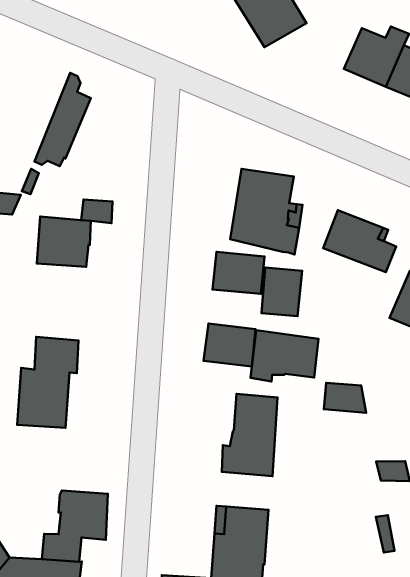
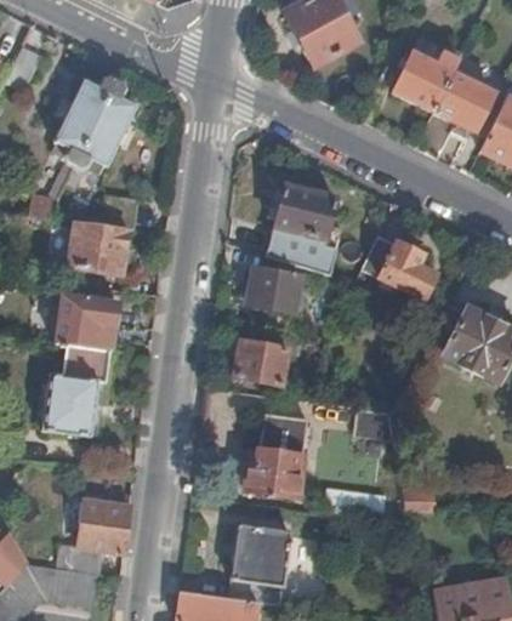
building: none -> [53,76,115,166]
building: [262,267,302,316] -> none
building: none -> [55,295,116,349]
building: [251,330,318,382] -> none

